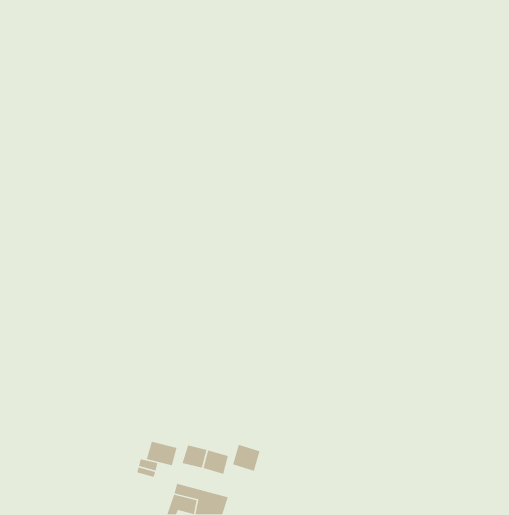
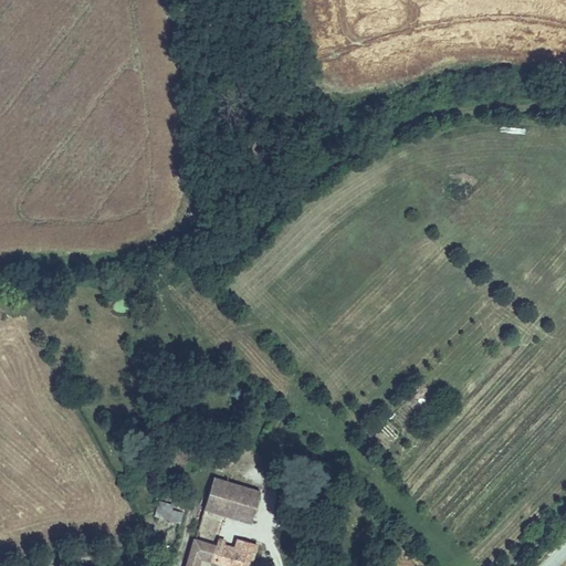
building: [146,441,178,466] -> none
building: [232,444,261,472] -> none

